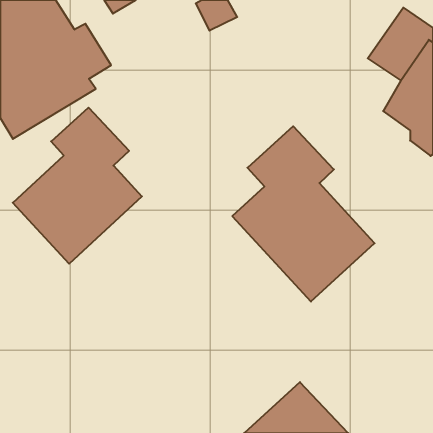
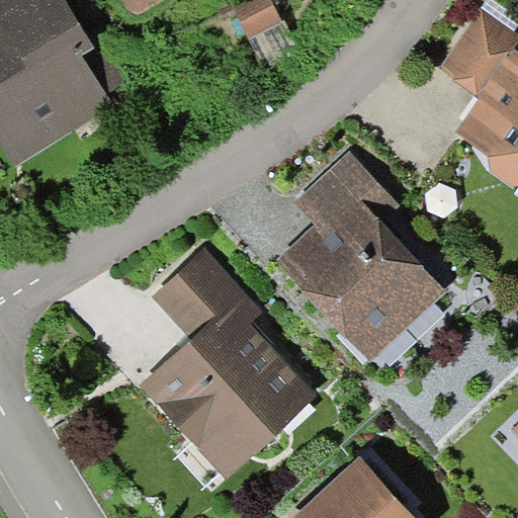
building: [13,108,142,264] -> none
building: none -> [140,248,317,479]

